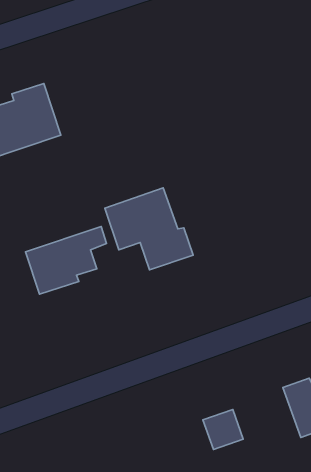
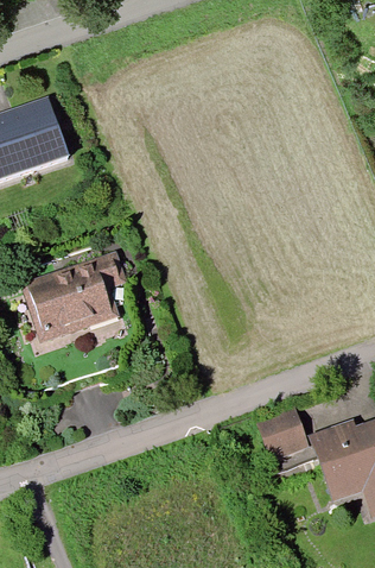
building: [105,188,193,270] -> none
building: [203,409,243,450] -> [261,408,306,453]

